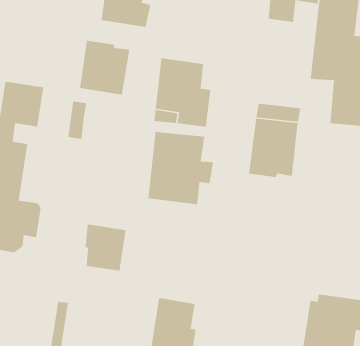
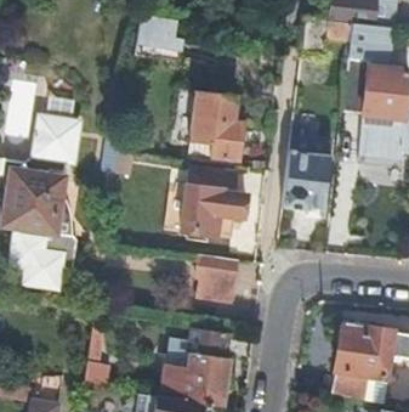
building: [79,40,130,96] -> none
building: [85,223,126,271] -> [198,254,239,301]

